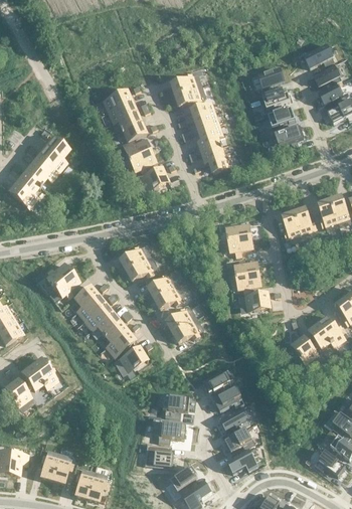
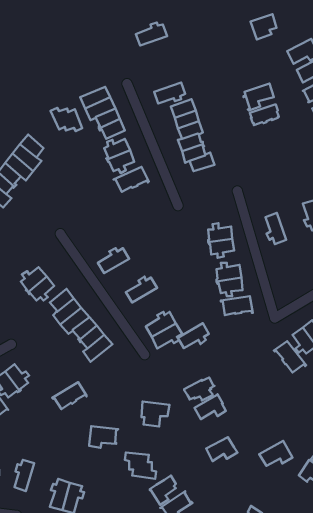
building: [257,68,283,93] -> [251,14,277,39]
building: [170,73,200,96] -> [136,23,167,45]
building: none -> [51,108,82,131]
building: [273,126,303,152] -> none
building: [293,208,315,238] -> none
building: [126,257,156,281] -> none
building: [153,285,183,309] -> [178,323,209,348]
building: [113,347,146,373] -> [52,382,87,409]
building: [219,406,249,431] -> none
building: [158,422,186,444] -> [89,426,118,448]
building: [225,449,257,473] -> [259,441,293,466]
building: [50,454,71,484] -> none

